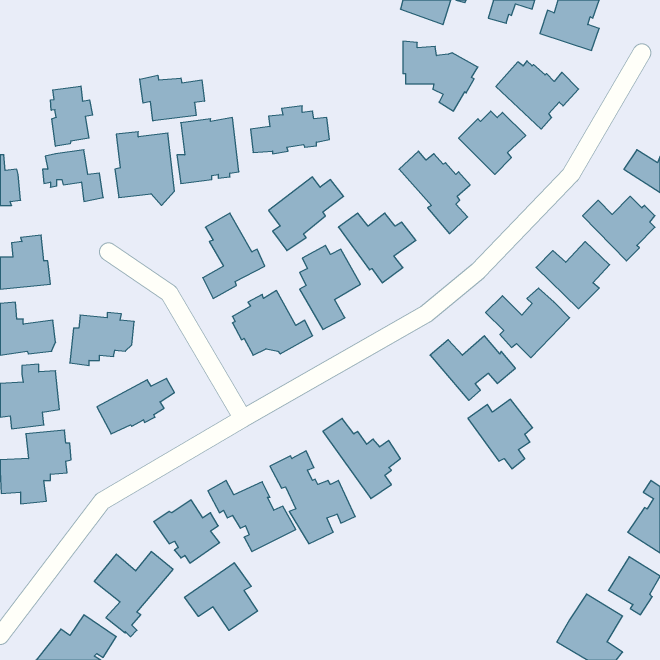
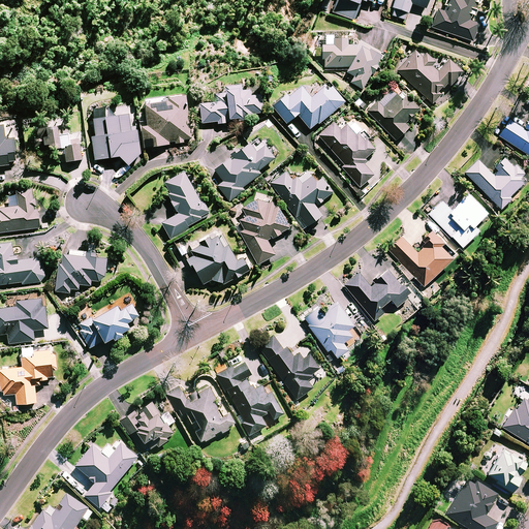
building: [140,75,204,121] -> none
building: [51,86,93,146] -> none
building: none -> [273,85,345,129]
building: [468,399,533,469] -> [303,302,354,357]
building: [185,563,258,630] -> none

